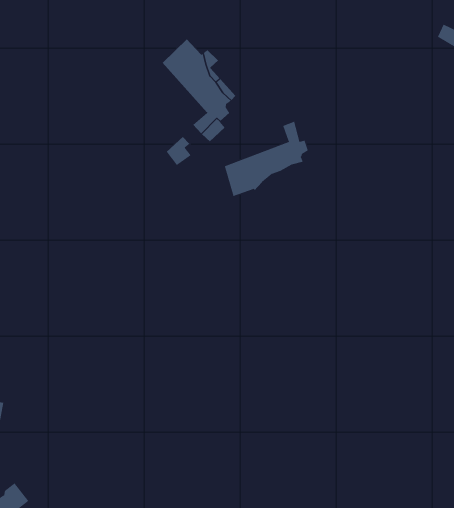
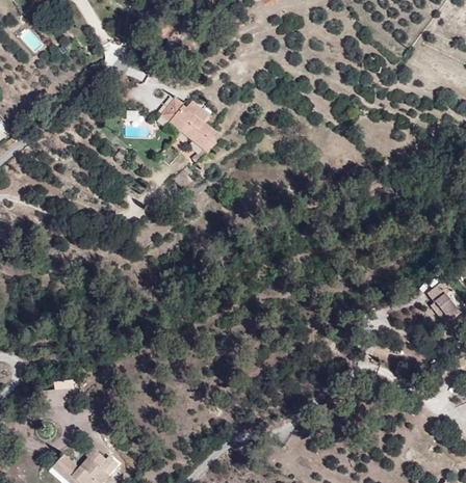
building: [224,121,308,197] -> none

